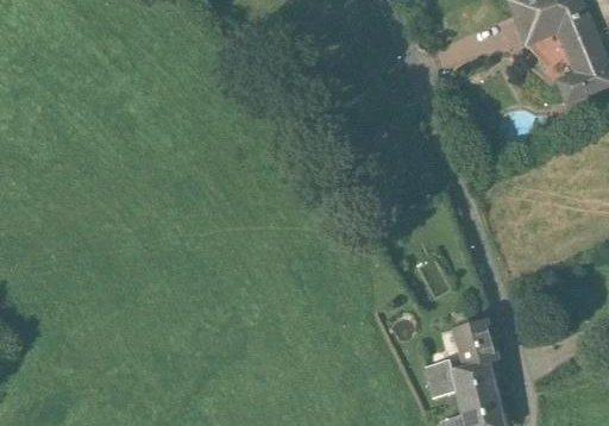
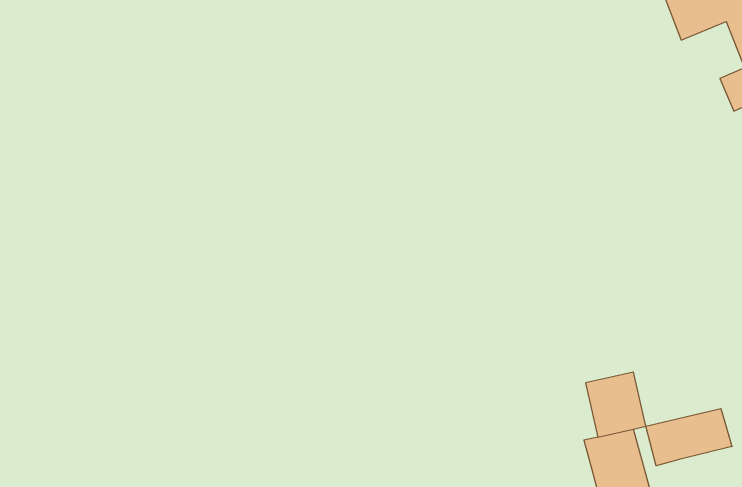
building: none -> [646,409,732,466]
building: [426,359,458,396] -> none

